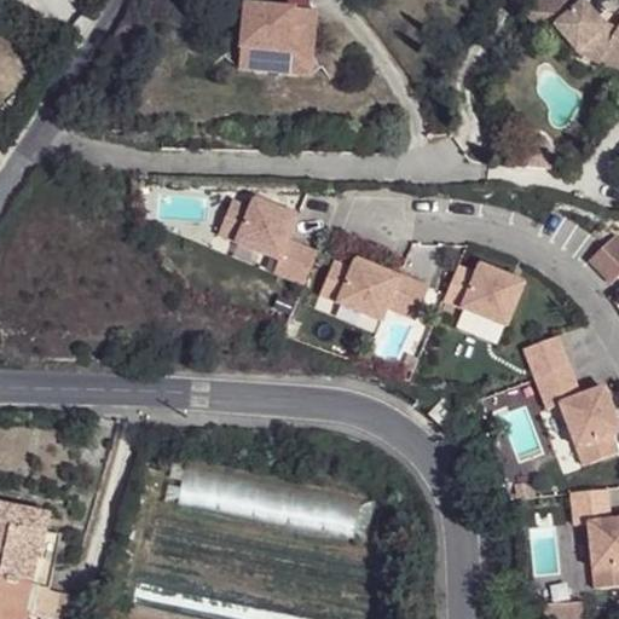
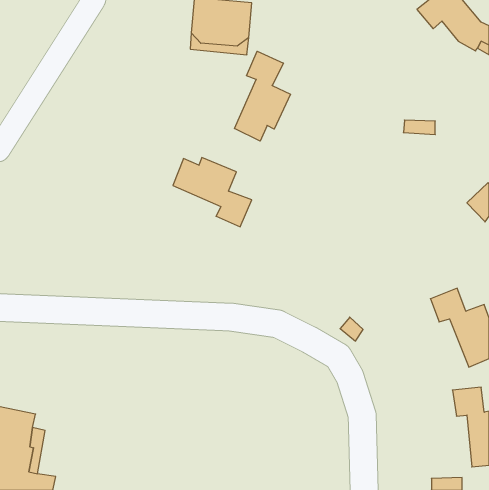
building: none -> [235,51,290,141]
building: [318,260,428,320] -> none
building: [442,265,521,325] -> none
building: [530,332,575,376] -> none

